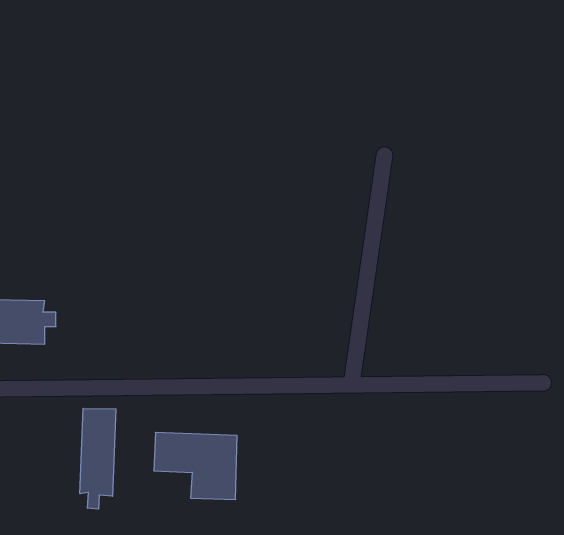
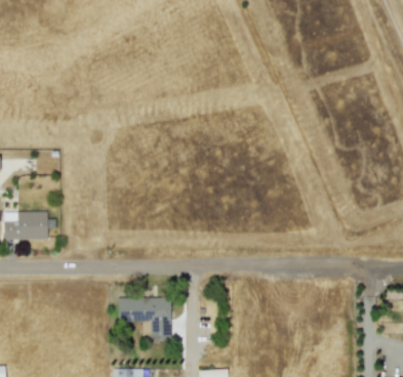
building: [80,408,116,509] -> none

